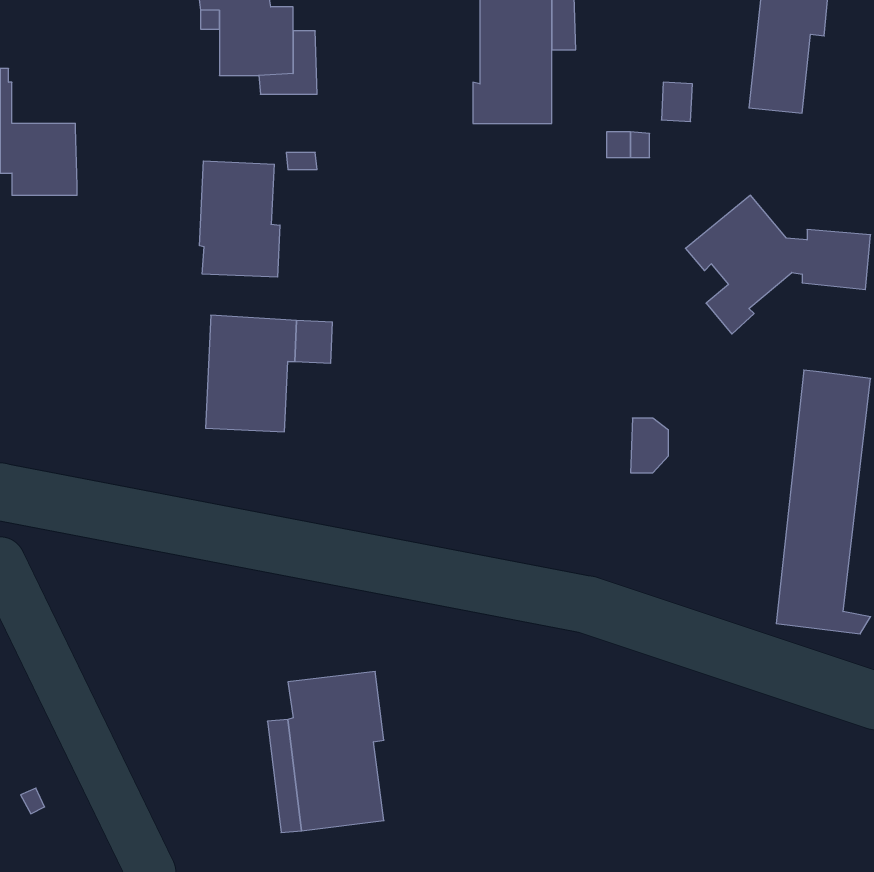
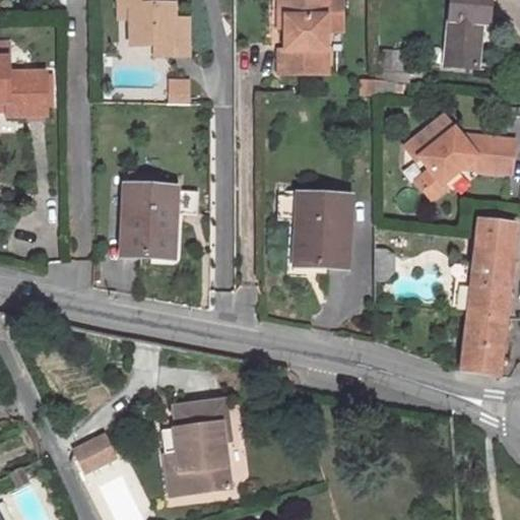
building: [200,161,280,277] -> none
building: none -> [298,195,350,264]
building: none -> [75,431,120,472]

